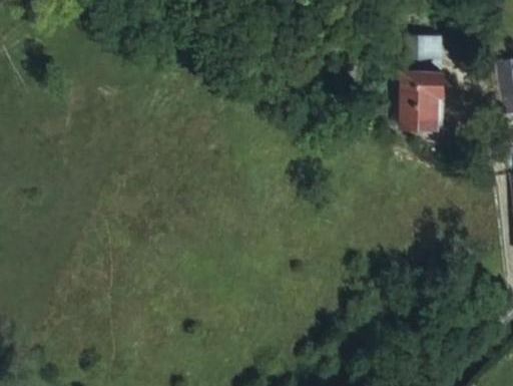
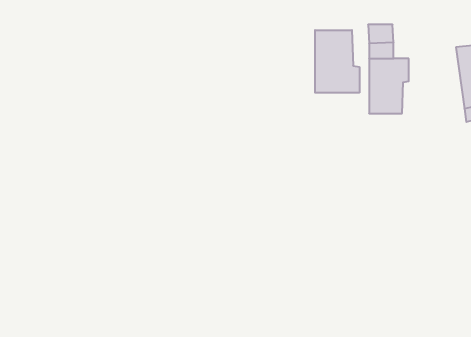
building: none -> [315,30,359,93]

